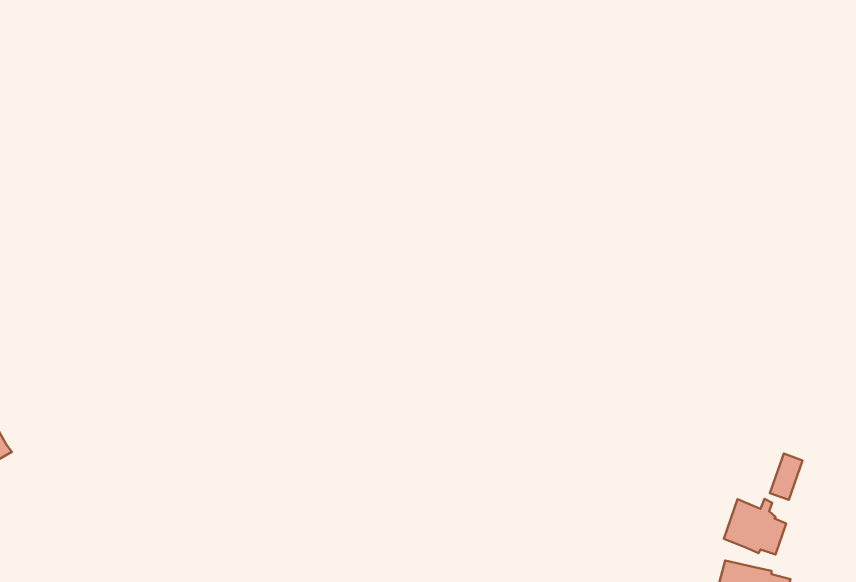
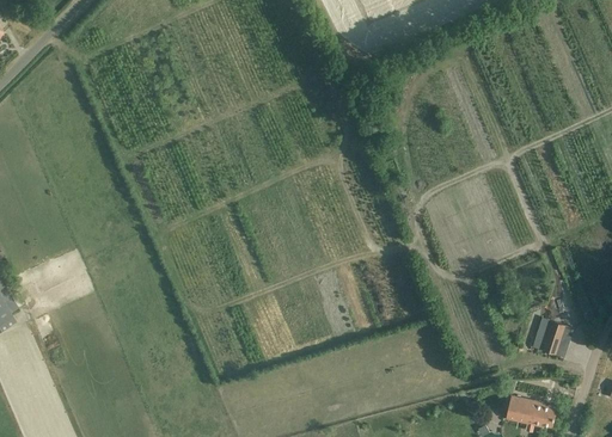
building: [724,499,786,555] -> none

